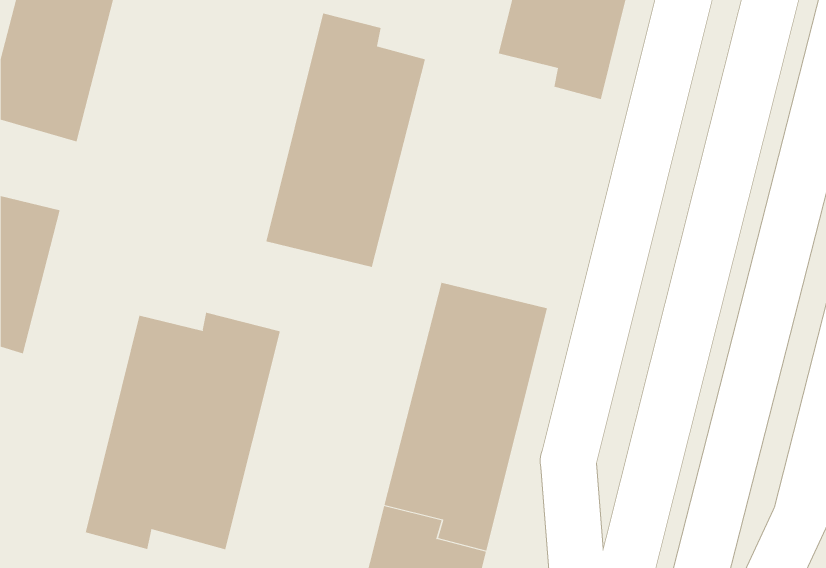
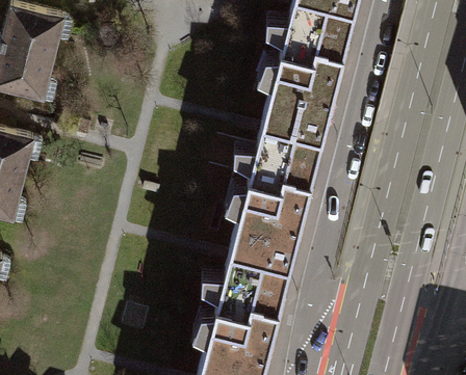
building: [265,13,426,267] -> [249,48,339,191]
building: [85,312,280,550] -> none

